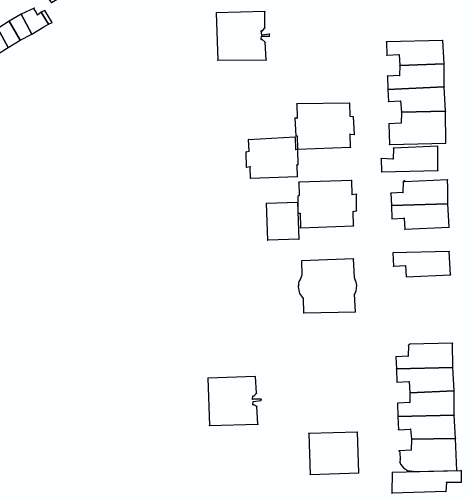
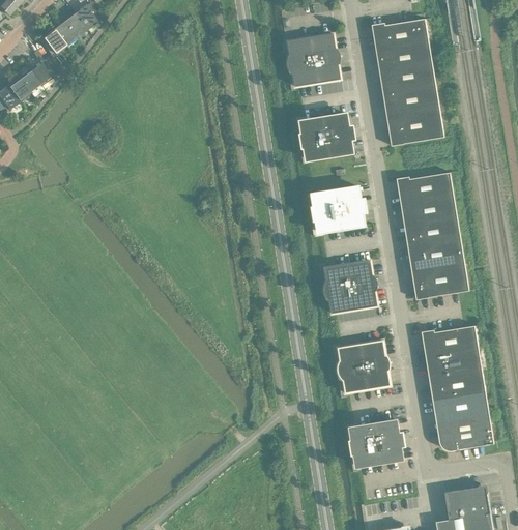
building: [216,11,270,60] -> [287,34,340,86]
building: none -> [372,19,427,50]
building: [246,137,298,178] -> none
building: [381,146,438,172] -> [404,216,459,247]
building: [266,202,299,240] -> none
building: none -> [411,261,468,299]
building: [208,377,261,426] -> [337,341,390,392]
building: [392,470,461,493] -> none

